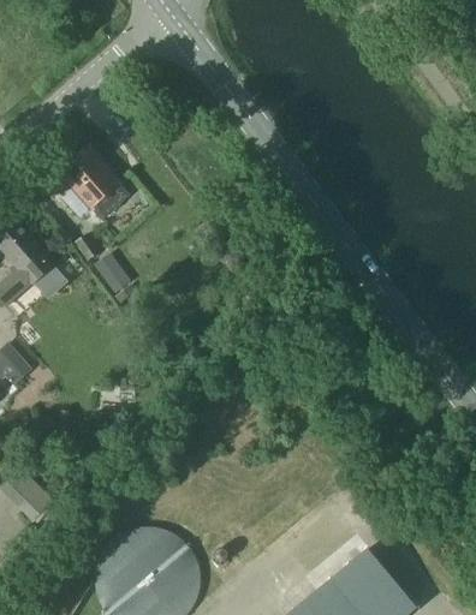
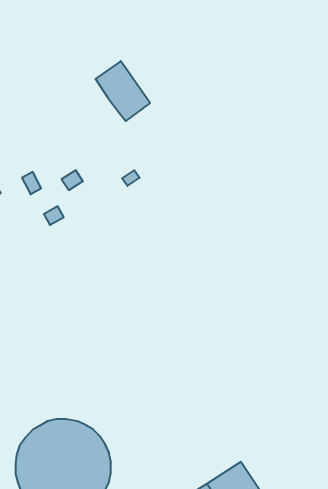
building: [59,150,126,220] -> [95,61,150,121]

